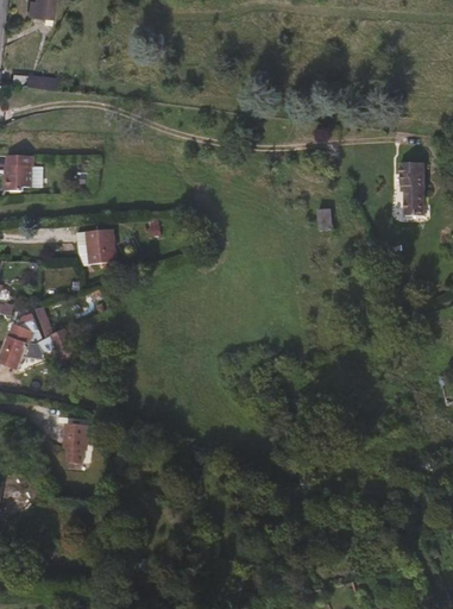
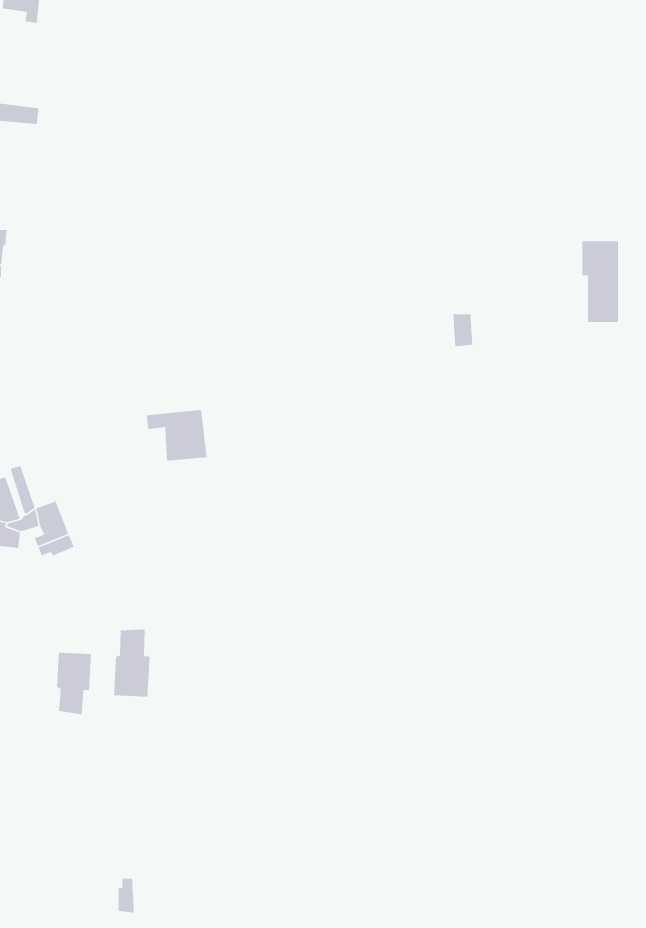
building: [76,230,115,263] -> [146,409,207,461]
building: none -> [113,629,151,697]

